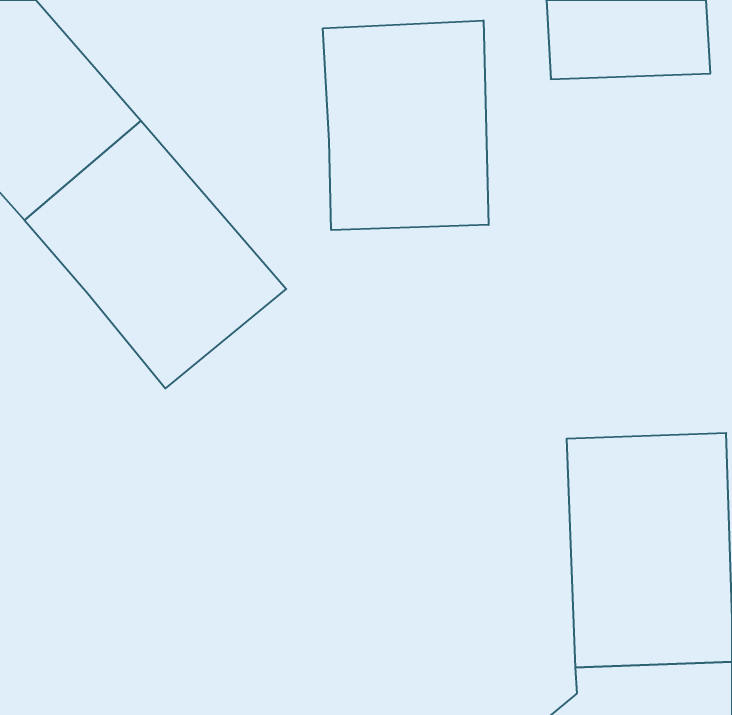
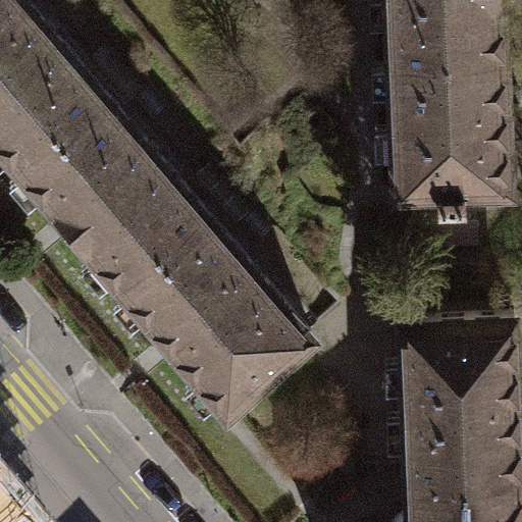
building: [323,20,489,230] -> none
building: none -> [390,66,508,196]
building: none -> [117,219,307,415]

